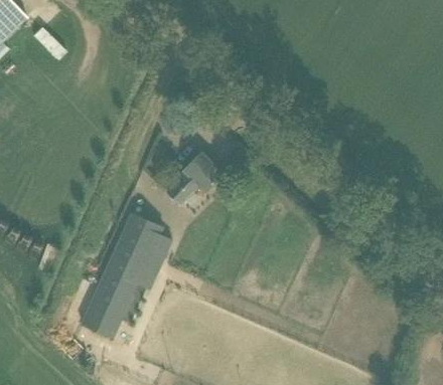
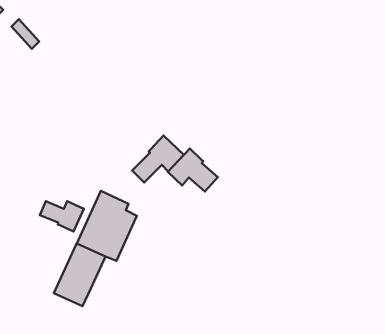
building: none -> [168,149,218,192]
building: none -> [40,201,84,232]

